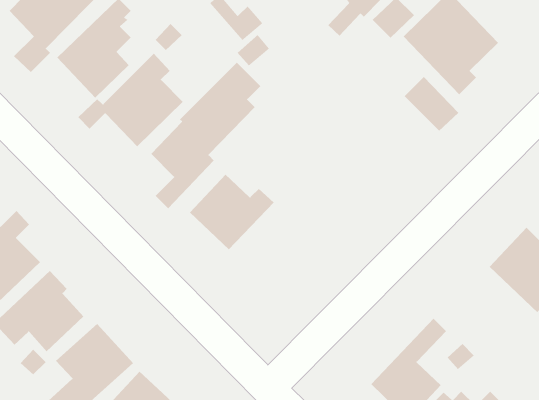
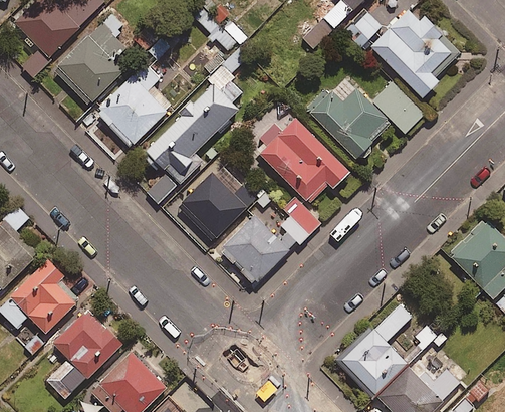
building: none -> [305,81,389,159]
building: none -> [259,120,348,203]
building: none -> [219,197,319,285]

